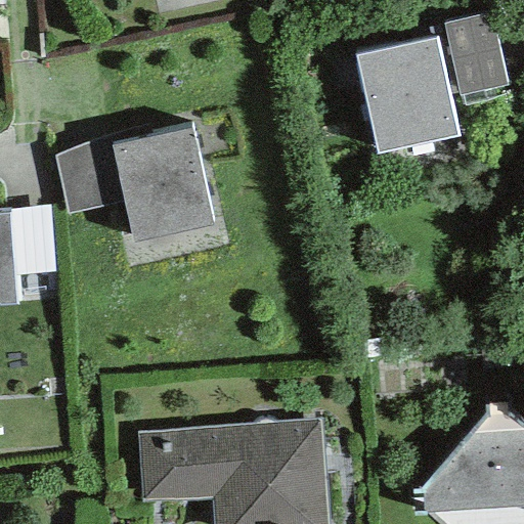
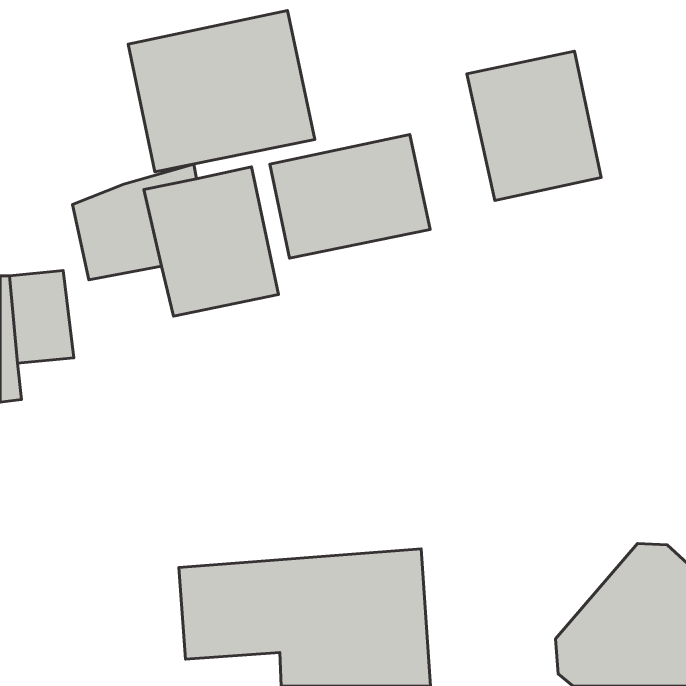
building: none -> [128,10,315,172]
building: [445,12,508,94] -> none
building: none -> [270,134,430,258]

